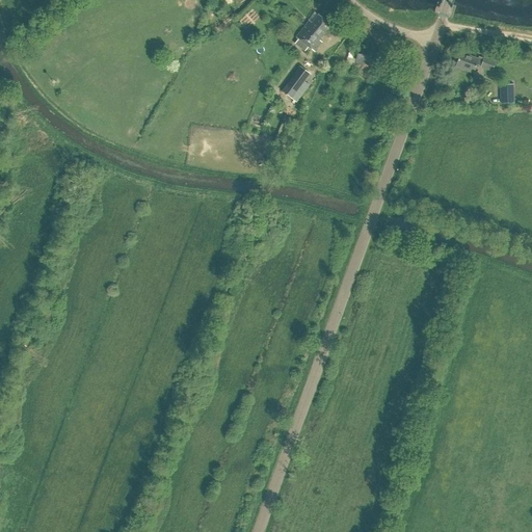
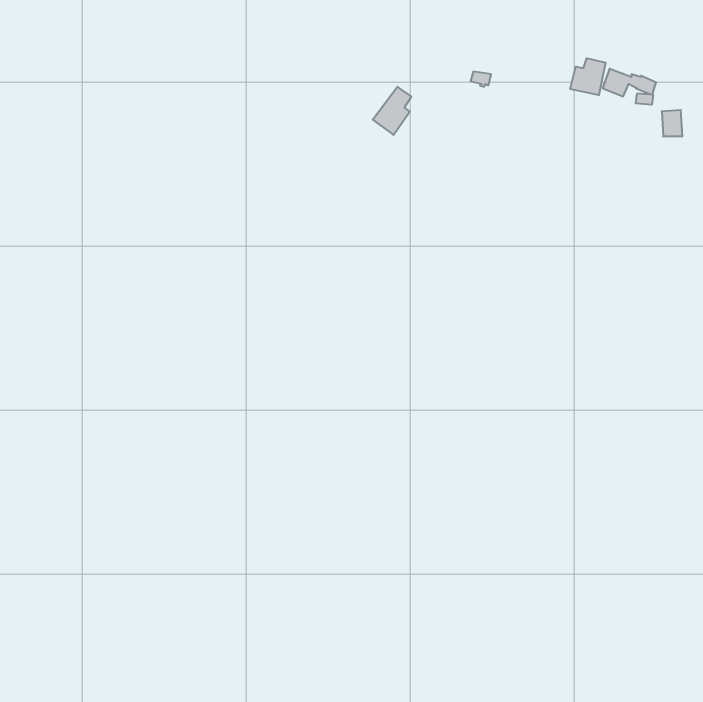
building: [294,12,331,51] -> none
building: none -> [570,58,606,95]

